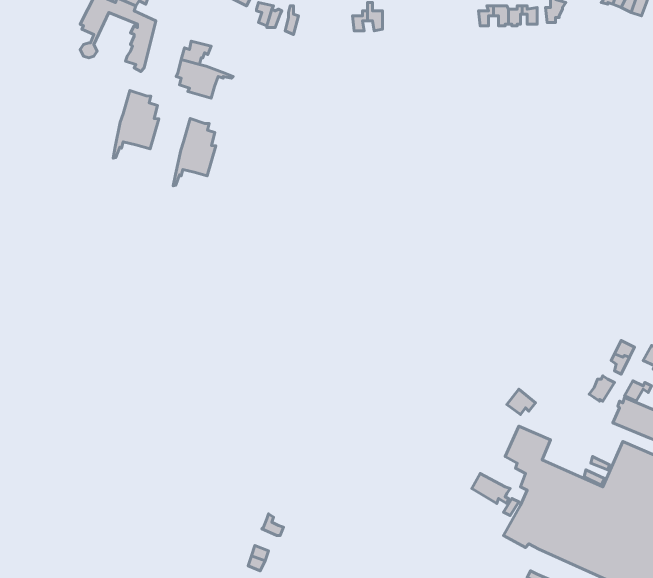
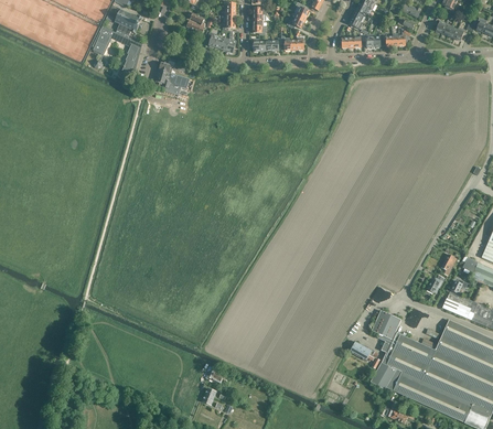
building: [113,90,159,158] -> none
building: [173,119,216,186] -> none

